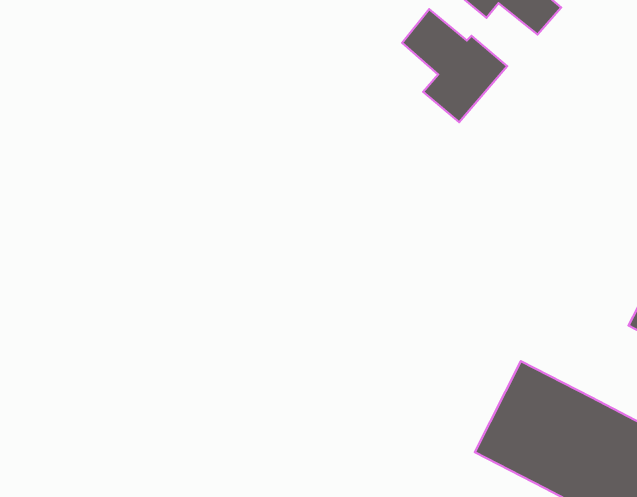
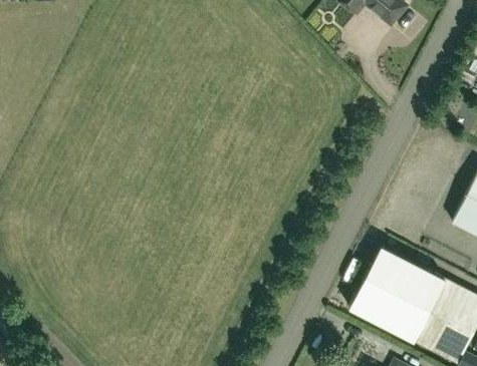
building: [402,9,507,122] -> none

